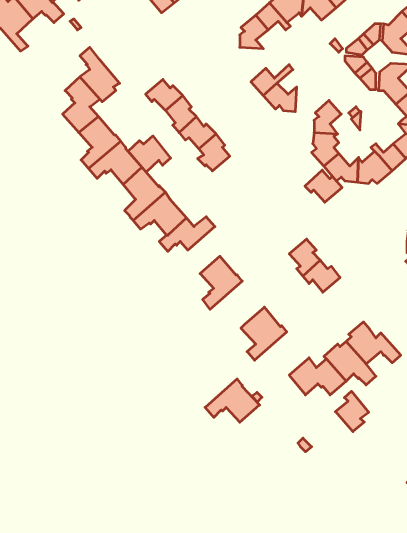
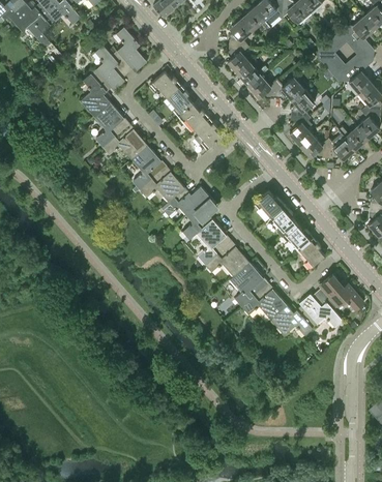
building: none -> [112,28,147,76]
building: none -> [227,46,251,74]
building: none -> [275,78,303,100]
building: [128,136,171,172] -> none
building: [305,170,342,202] -> [254,191,285,218]
building: none -> [182,195,215,240]
building: none -> [298,238,325,269]
building: none -> [204,241,249,277]
building: [205,379,260,422] -> [241,283,287,320]
building: [335,391,369,432] -> none

